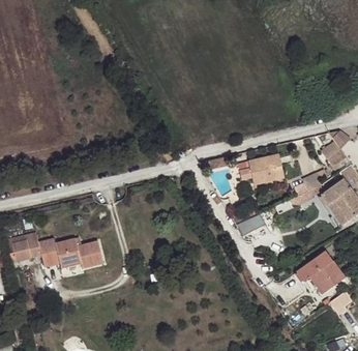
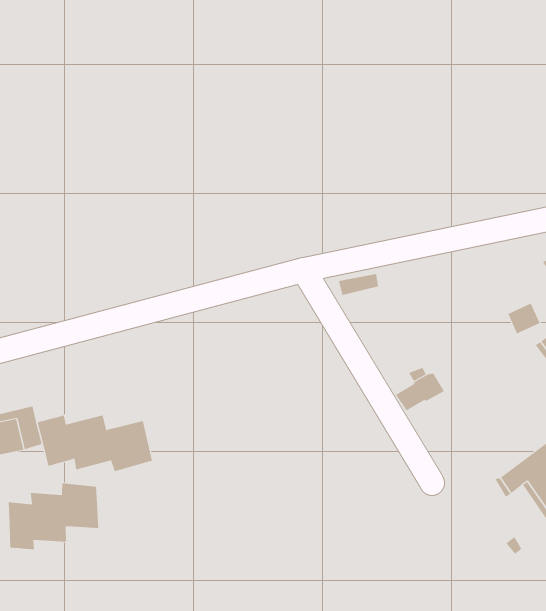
building: [239,154,285,183] -> none
building: none -> [8,483,99,550]

